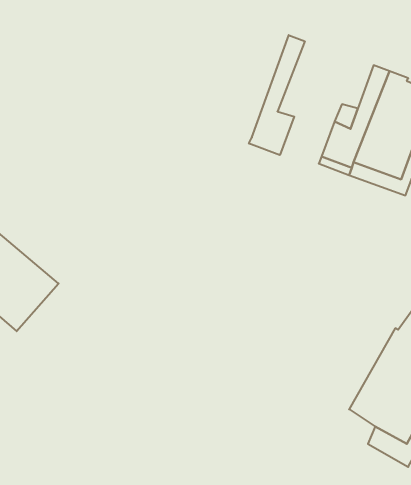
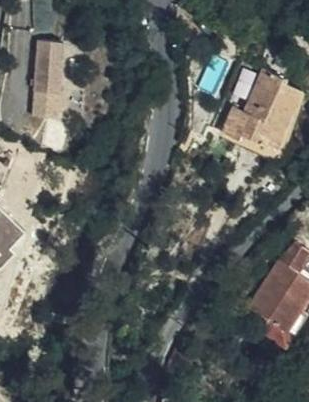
building: none -> [32,41,57,116]
building: [249,35,305,155] -> none

